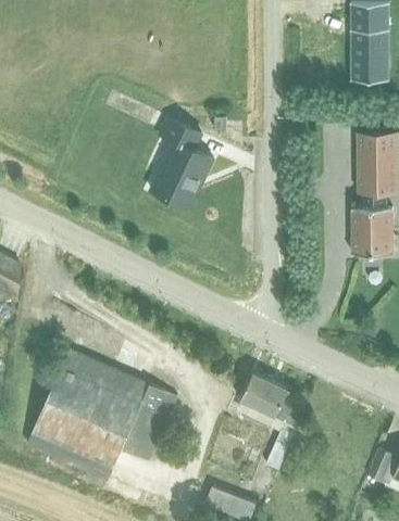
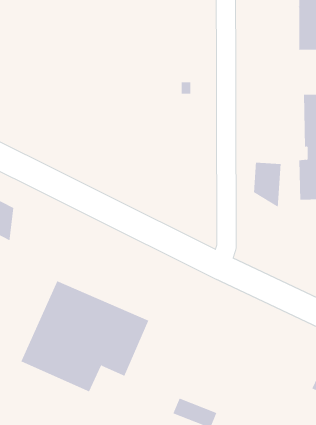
building: [150,117,213,206] -> none
building: none -> [253,162,281,208]
building: [235,373,304,469] -> none

